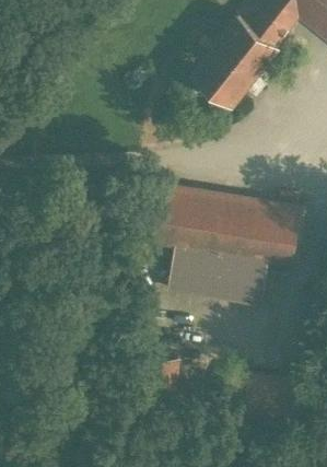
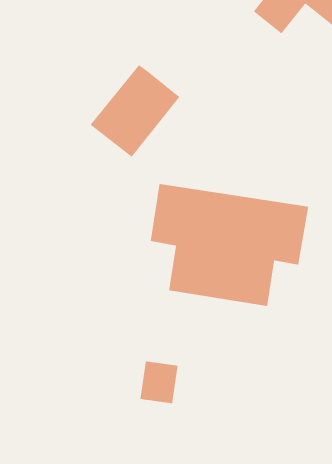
building: [194,16,280,106] -> [90,64,180,158]

